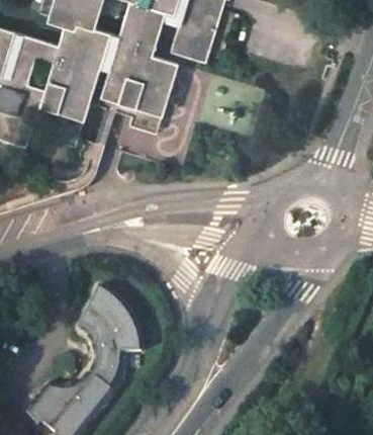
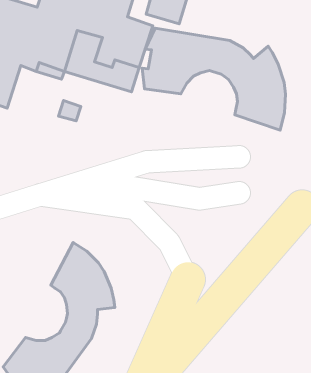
building: none -> [142,28,285,130]

